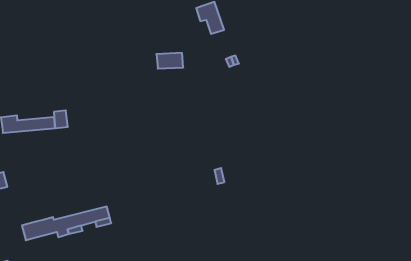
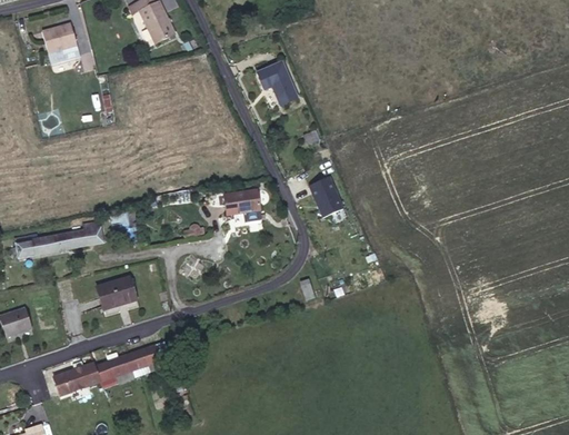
building: [156,53,183,69] -> [223,190,260,214]
building: none -> [309,176,345,217]
building: none -> [96,277,136,308]

